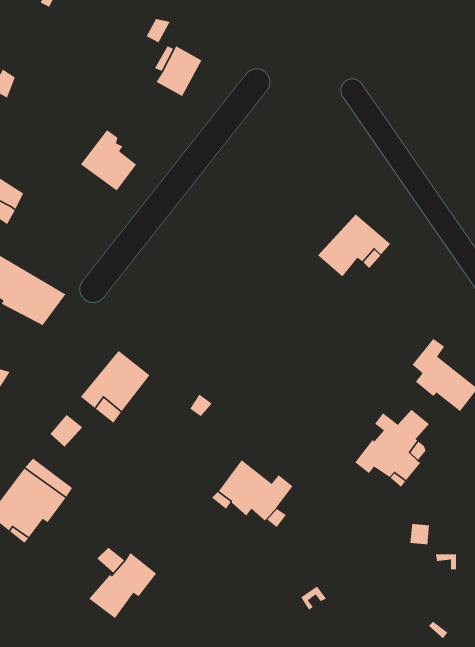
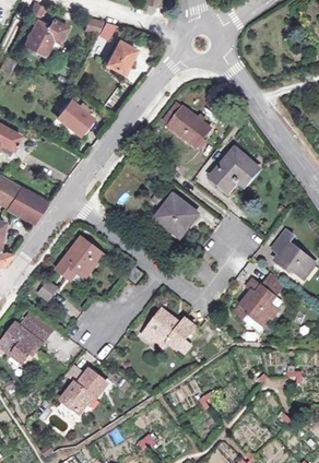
building: none -> [26,20,68,56]
building: none -> [167,106,211,146]
building: none -> [154,194,198,237]

